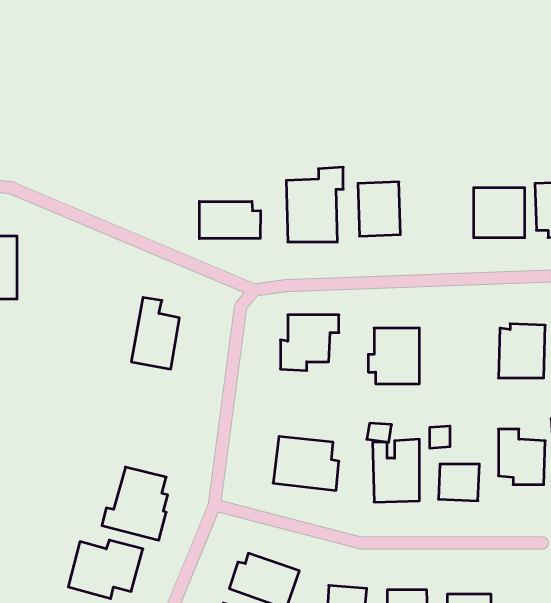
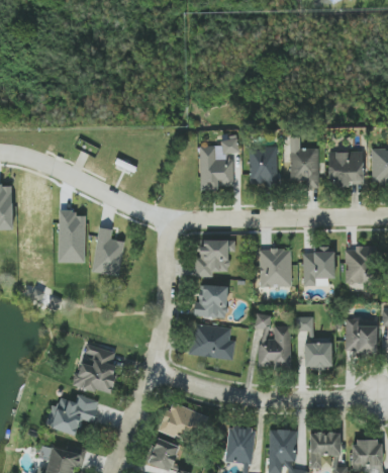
building: none -> [290,136,319,188]
building: [199,201,261,239] -> none
building: none -> [59,210,86,263]
building: none -> [303,247,334,286]
building: none -> [194,285,228,317]

